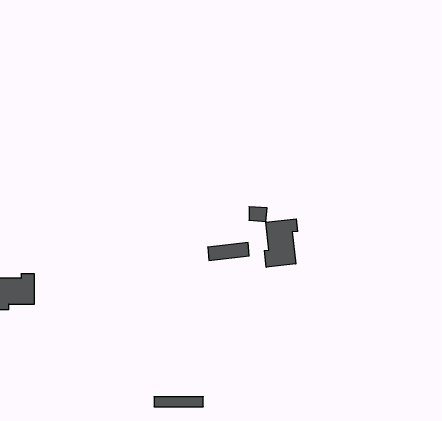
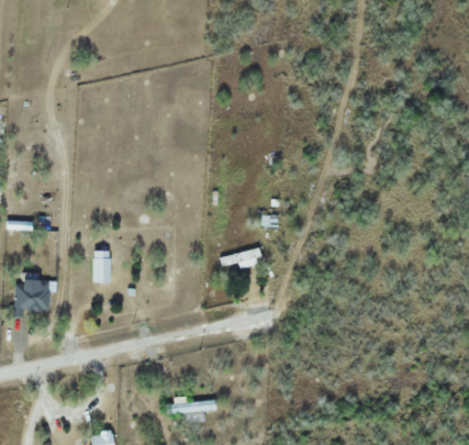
building: [264,219,298,267] -> none
building: none -> [92,249,110,281]

